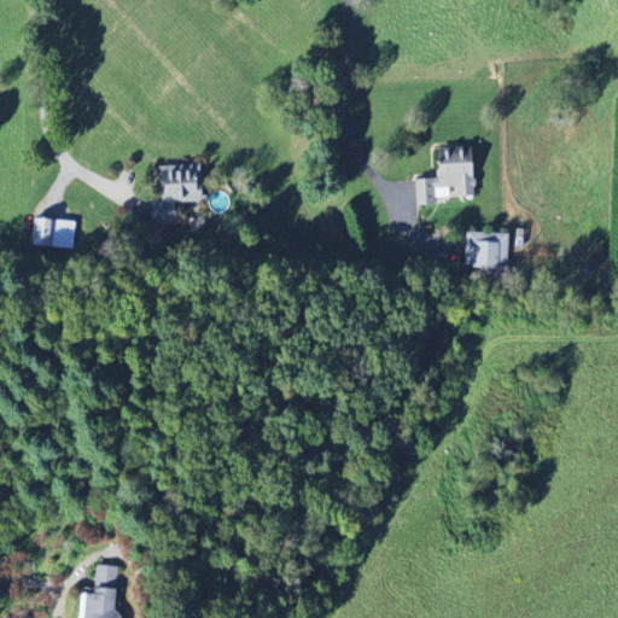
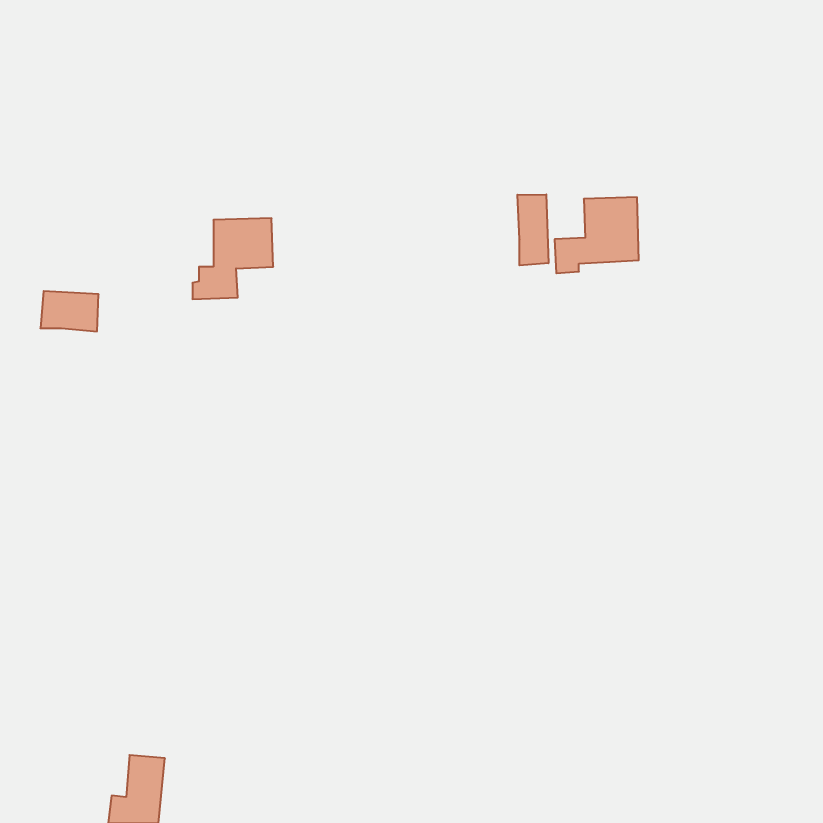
building: none -> [517,194,548,265]
building: [462,232,506,269] -> none

